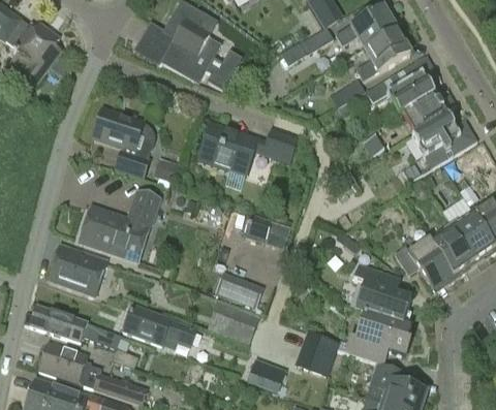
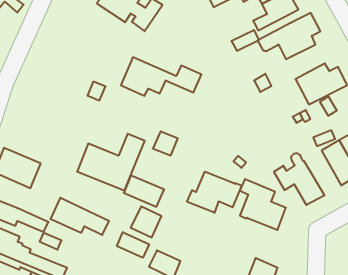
building: [399,91,456,138] -> none
building: [93,106,155,181] -> none
building: [79,190,159,260] -> [77,134,145,191]
building: [430,224,477,279] -> none
building: [345,313,411,362] -> [187,172,242,213]
building: [298,334,339,374] -> none
building: none -> [117,232,149,258]

